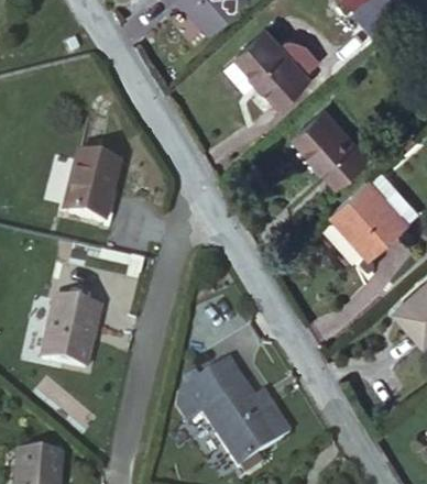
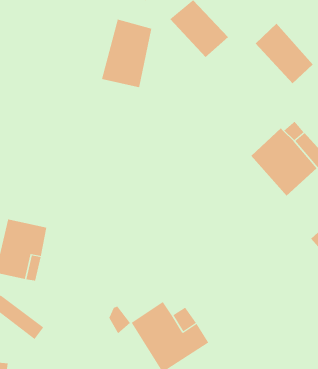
building: [302,111,370,183] -> [255,23,313,84]
building: [59,134,119,215] -> [101,19,152,88]
building: [180,364,233,410] -> none

